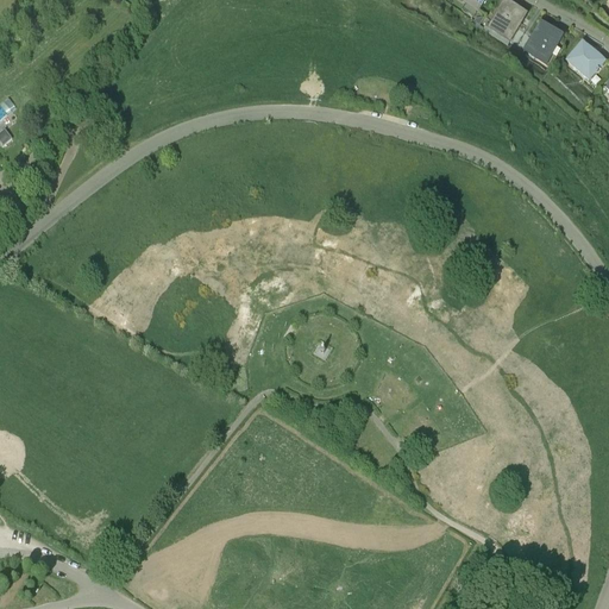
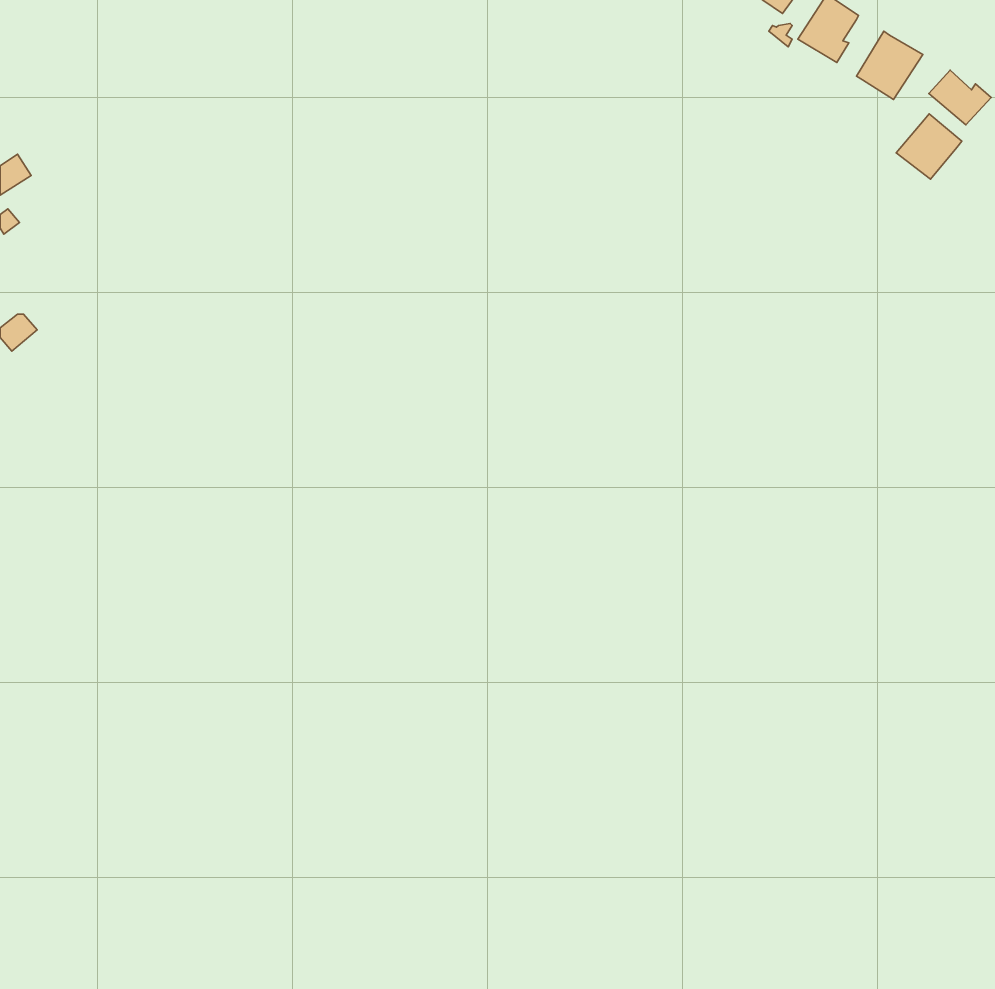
building: none -> [896,114,962,179]

